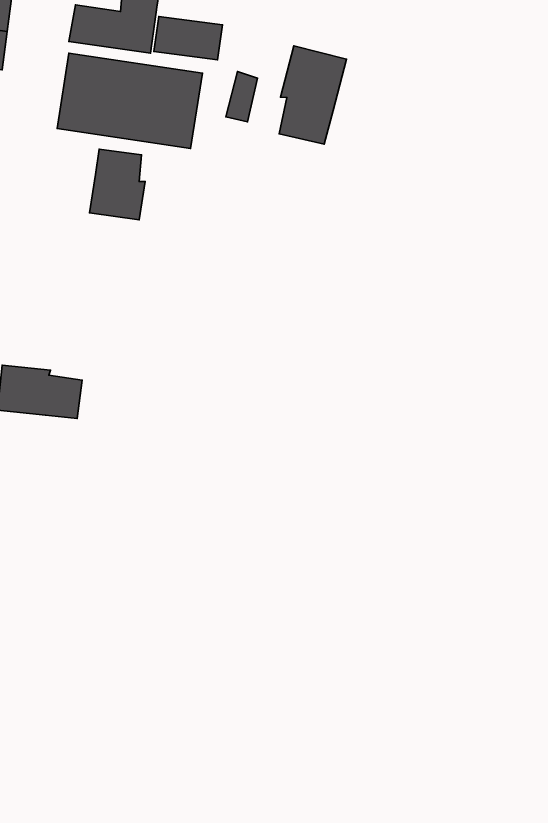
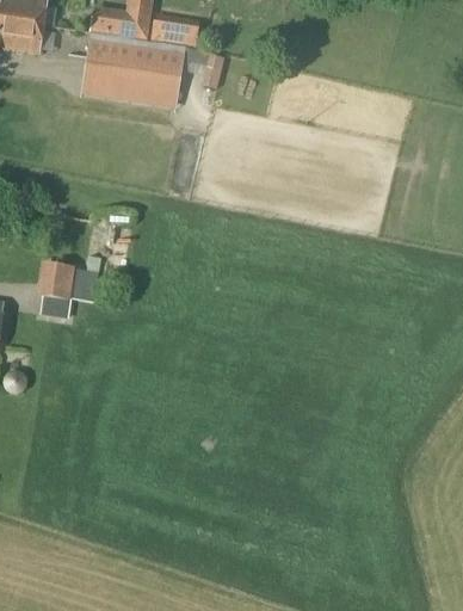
building: [279,46,346,144] -> none
building: [90,149,145,220] -> none

